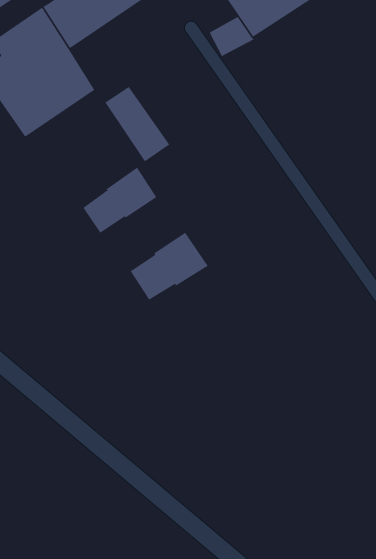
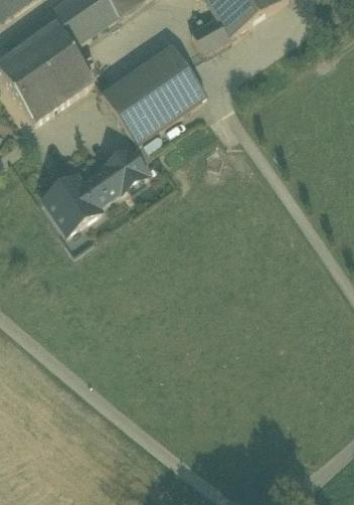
building: none -> [125,43,207,127]
building: none -> [44,173,103,231]
building: [130,232,208,301] -> none

